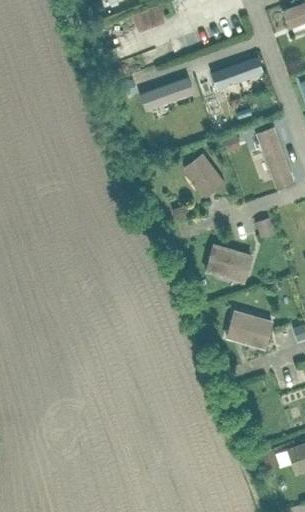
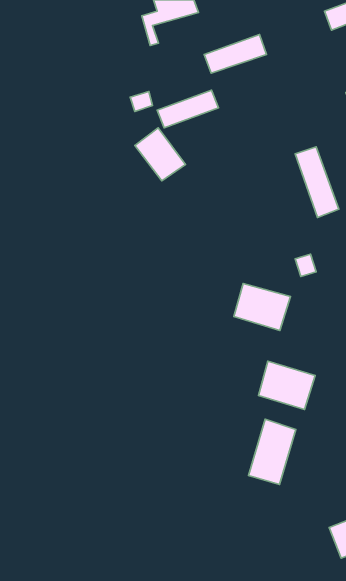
building: [212,56,265,89] -> [204,34,267,73]
building: [183,152,226,197] -> [135,128,185,181]
building: none -> [248,419,296,484]

